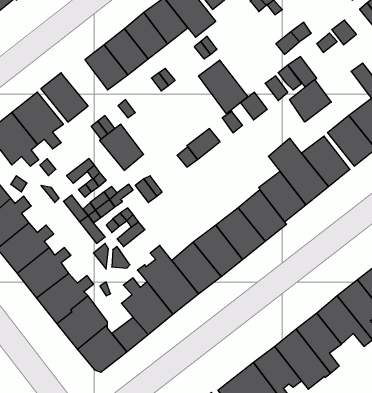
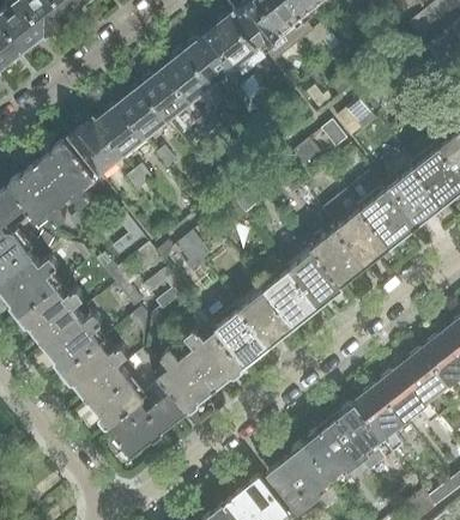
building: [199,60,248,114] -> none
building: [290,80,331,122] -> none
building: [100,124,144,170] -> [95,104,144,156]

